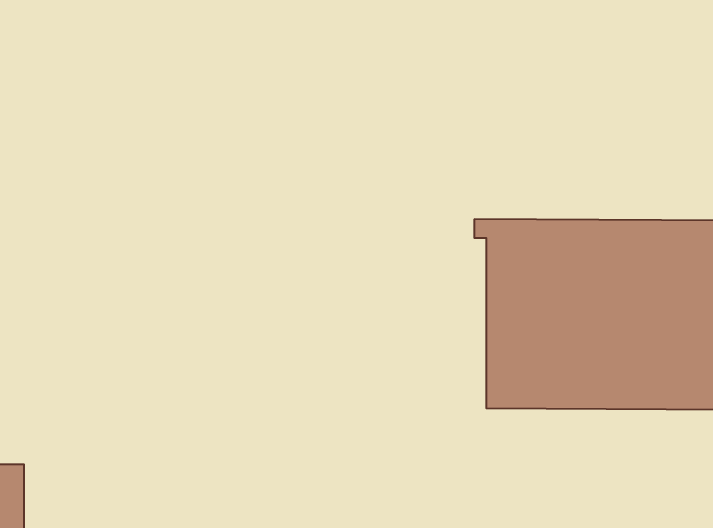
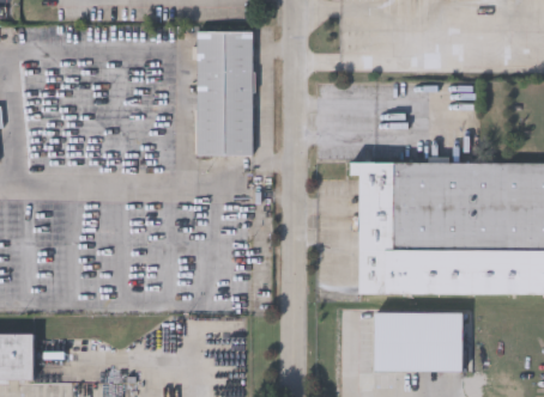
building: none -> [195,31,252,155]
building: none -> [375,313,461,373]

